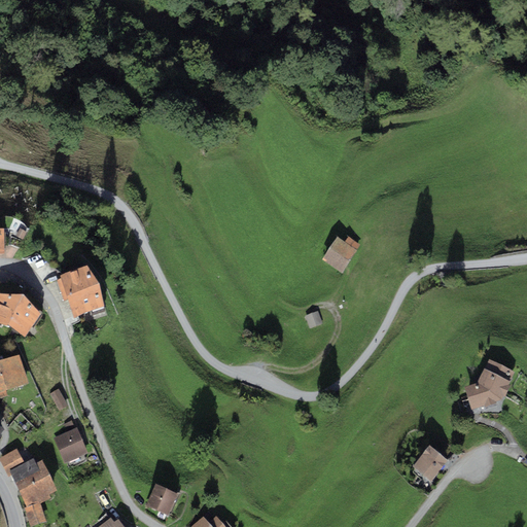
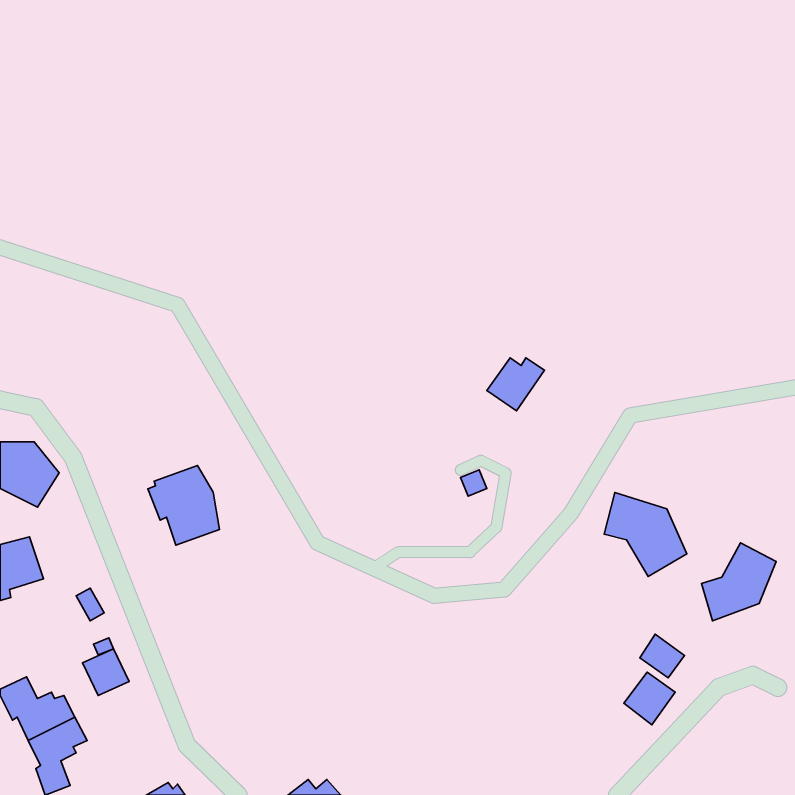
building: [56,265,103,317] -> [148,466,219,545]
building: none -> [604,492,687,576]
building: none -> [640,634,684,678]
building: [146,484,178,515] -> none

